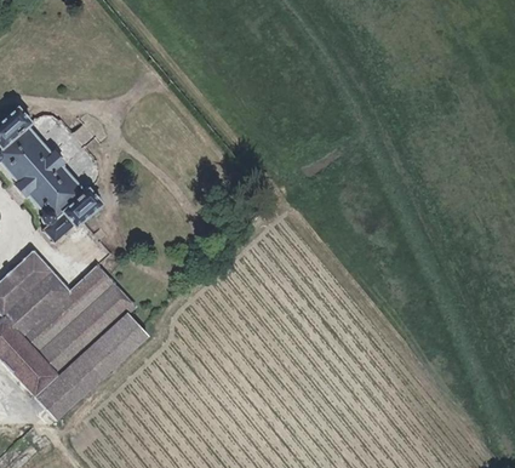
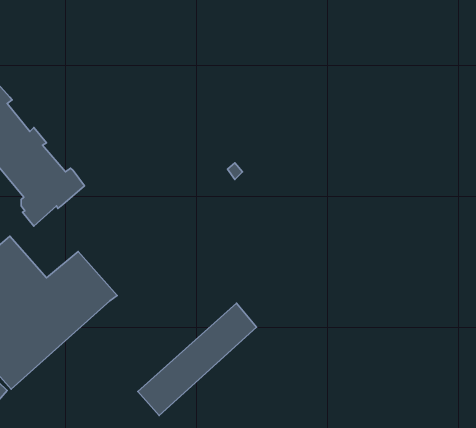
building: [34,313,148,421] -> [138,303,257,415]

